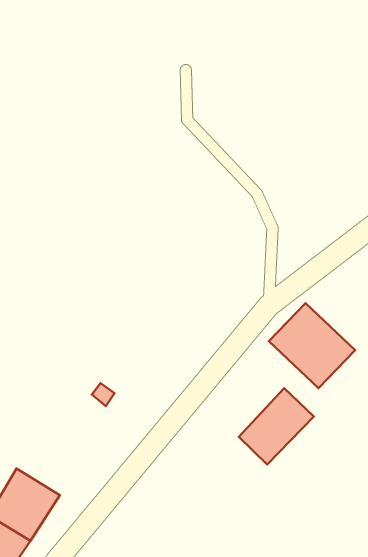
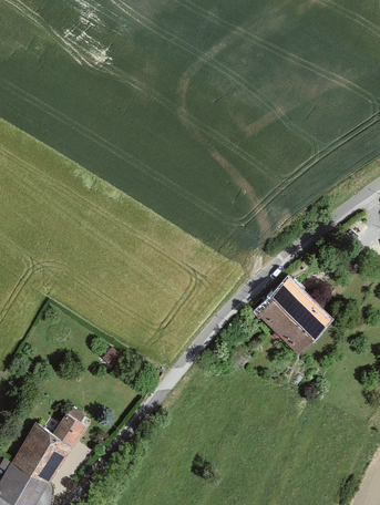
building: [239,388,314,465] -> none
building: none -> [54,410,84,445]

